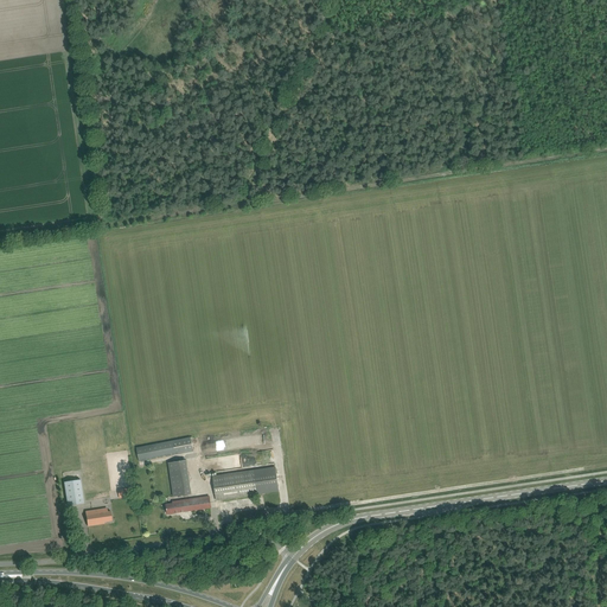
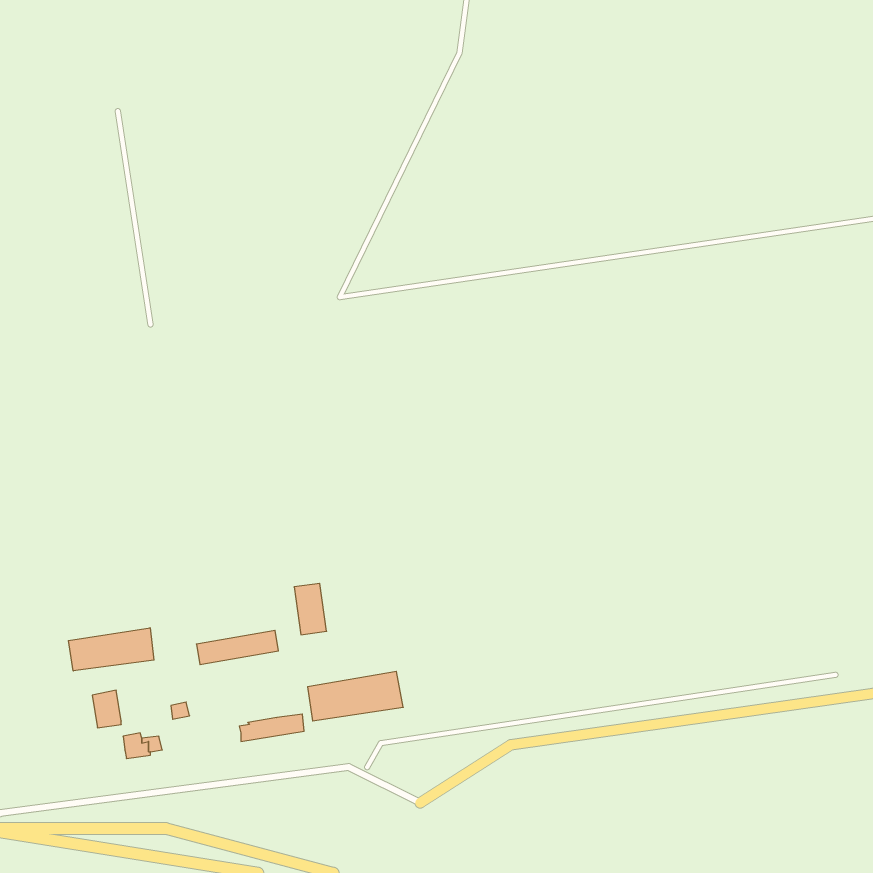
building: none -> [68,628,154,671]
building: [168,460,191,496] -> [294,583,327,635]

